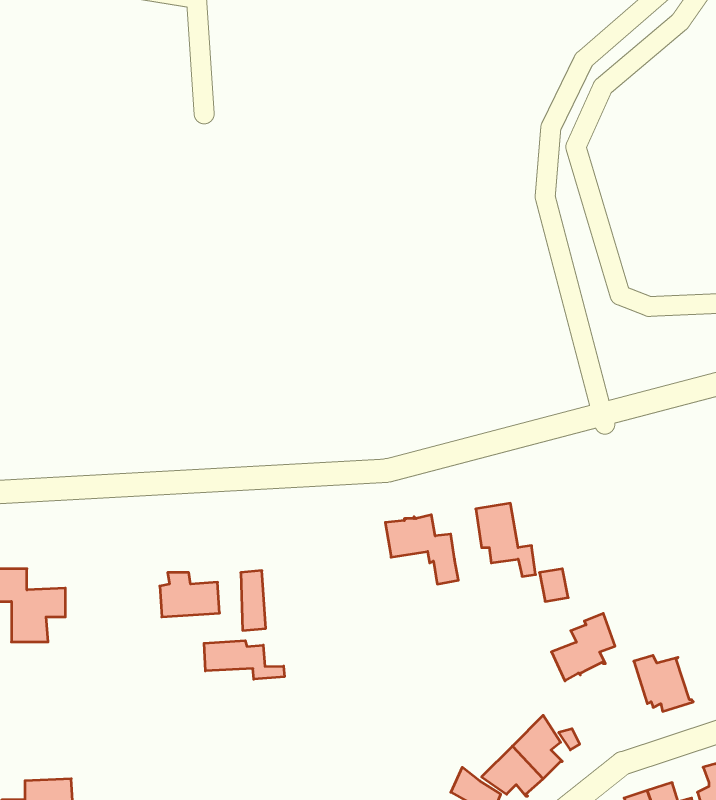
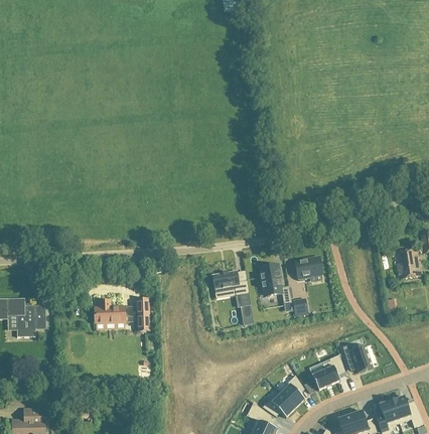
building: none -> [294,257,321,280]
building: [551,613,615,681] -> [311,355,344,391]
building: [204,641,284,679] -> none

